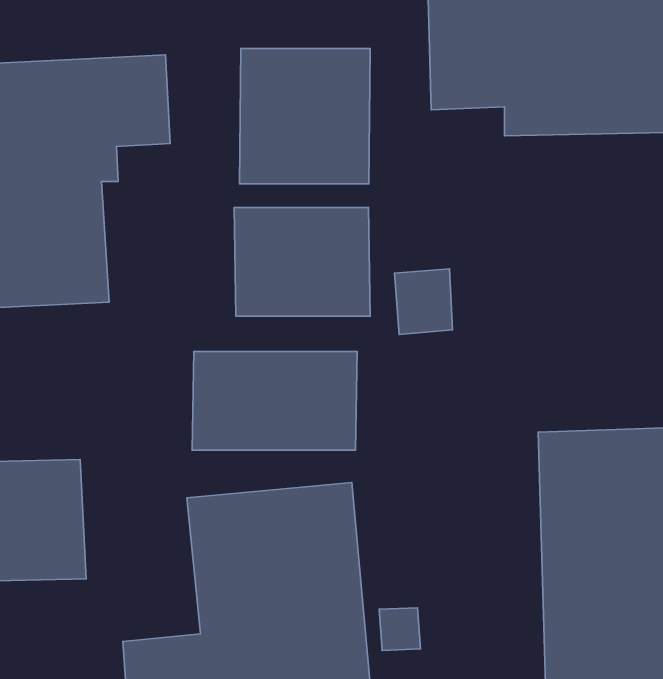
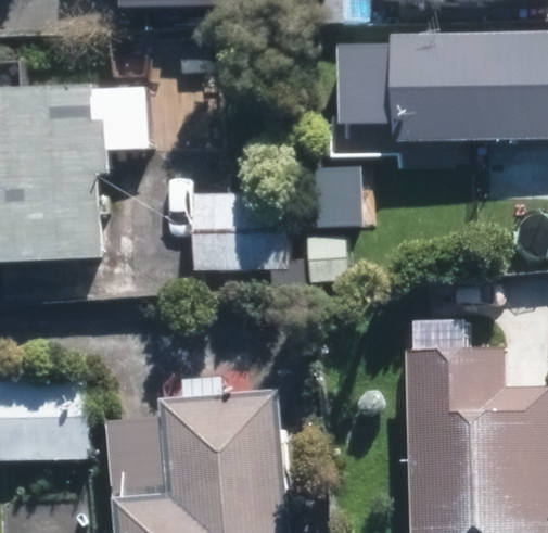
building: [239,49,370,184] -> none
building: [192,351,357,450] -> none

